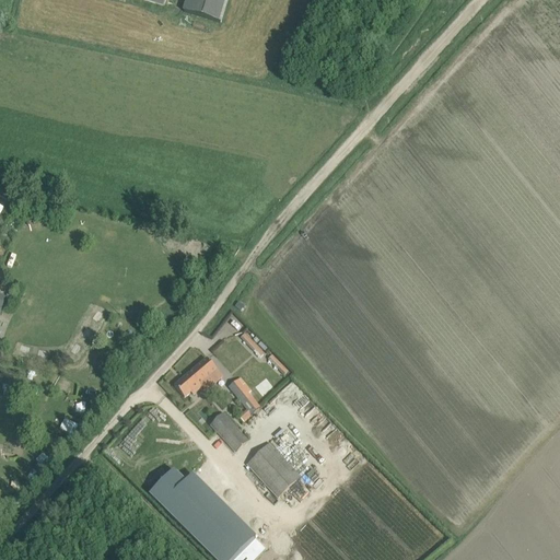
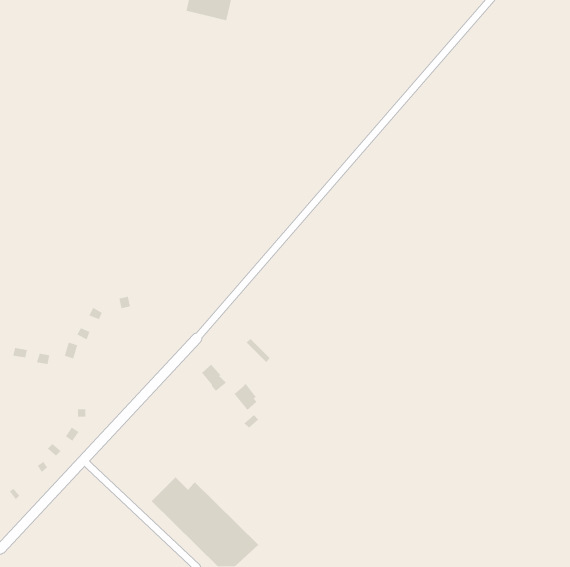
building: [176,365,208,396] -> none
building: [207,406,238,438] -> none
building: [248,442,301,495] -> none

